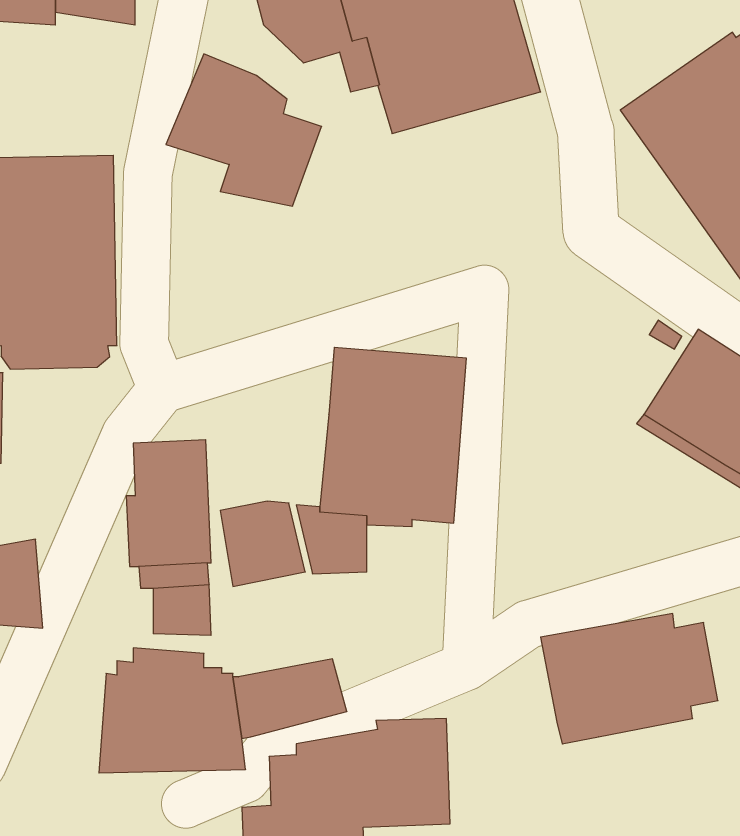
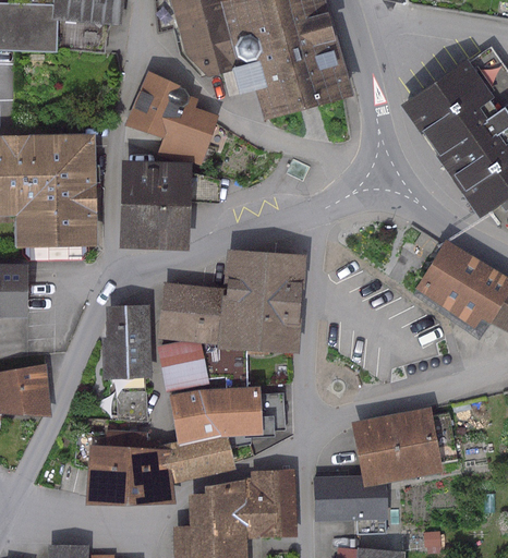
building: none -> [118,159,191,250]
building: none -> [159,282,223,343]
building: none -> [169,387,262,441]
building: none -> [314,473,388,534]

